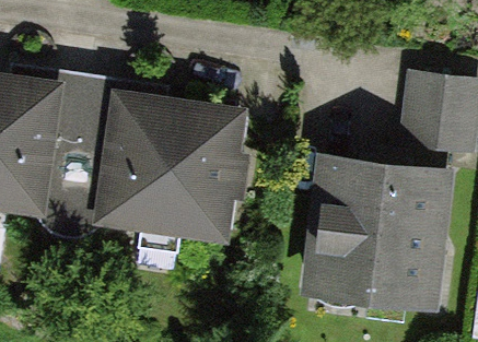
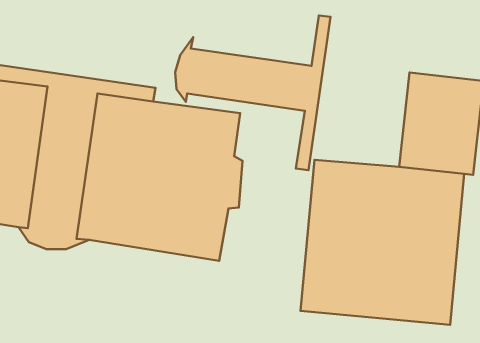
building: none -> [175,15,330,170]

